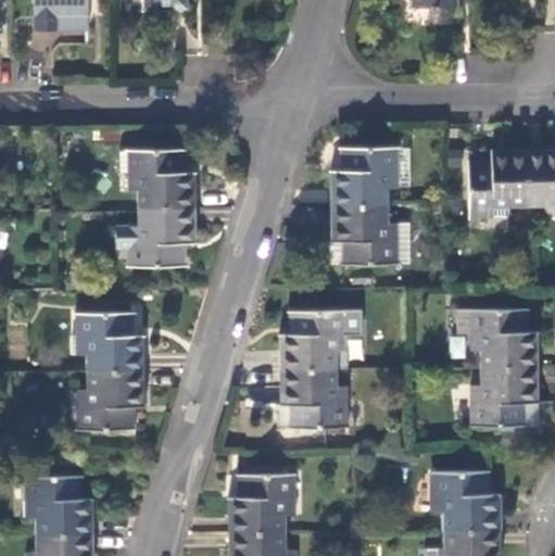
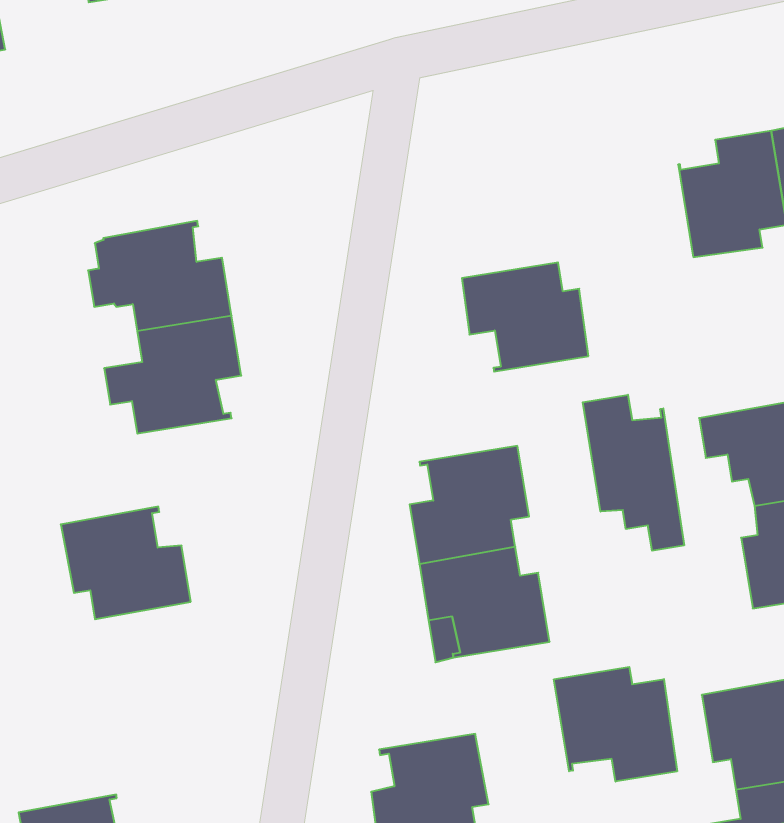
building: [332,146,415,206] -> none
building: none -> [583,395,684,551]
building: [76,369,144,430] -> none
building: none -> [554,667,677,782]

